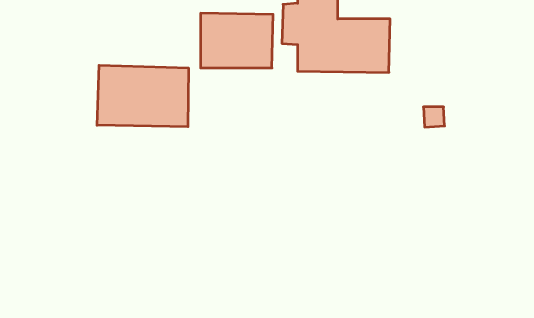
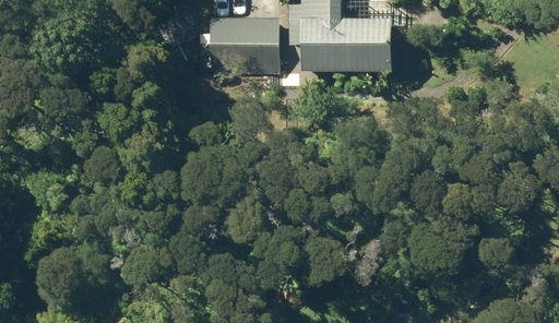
building: [97,65,188,127] -> none

